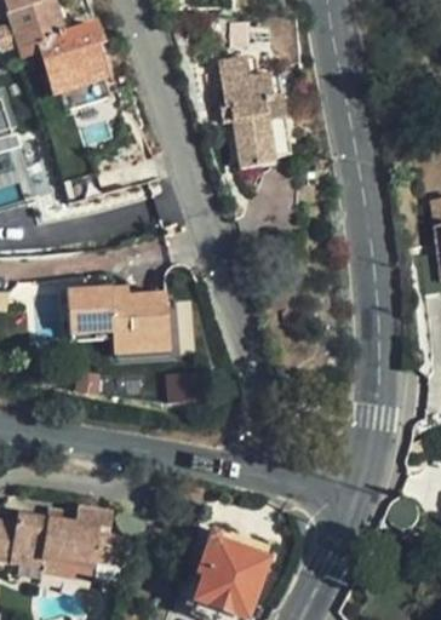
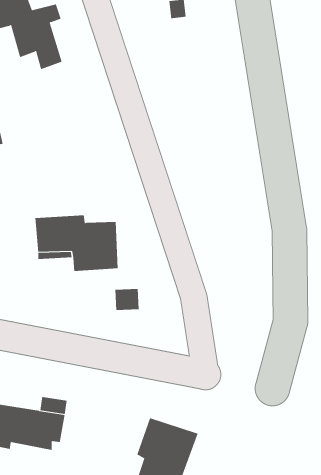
building: [222,57,291,168] -> none

